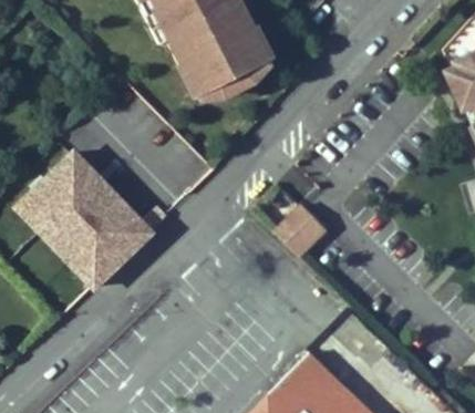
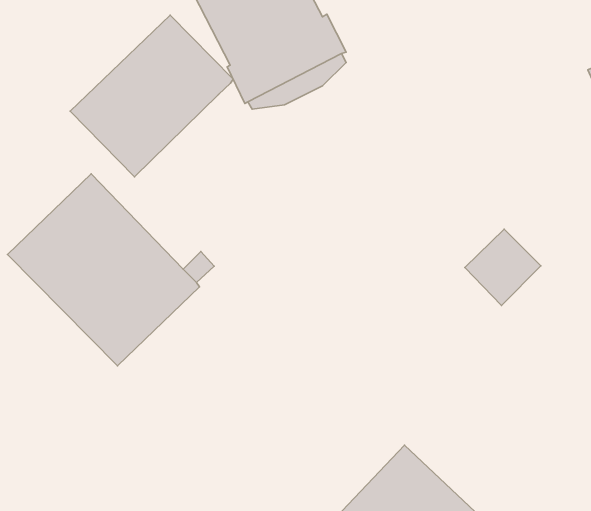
building: none -> [70,15,233,177]
building: [272,204,330,261] -> [465,229,541,305]

